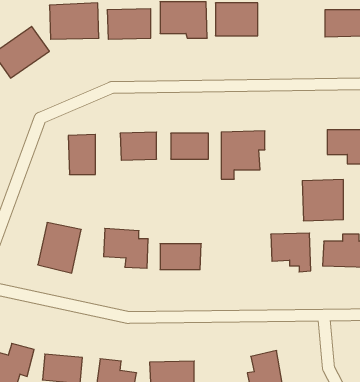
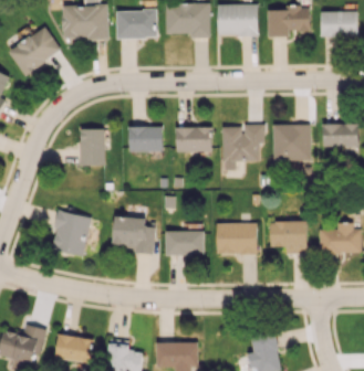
building: none -> [268,8,310,36]
building: [302,180,343,221] -> [272,124,311,162]
building: none -> [217,222,258,254]

